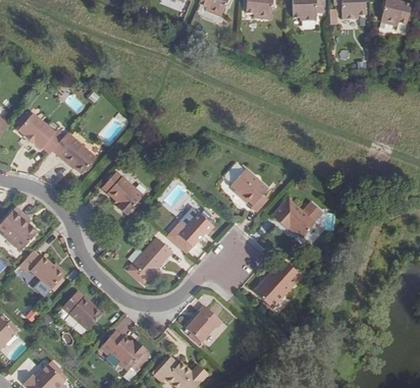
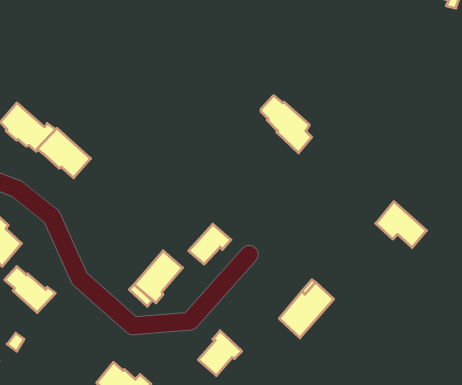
building: [226,165,269,213] -> [261,96,312,153]
building: [102,172,143,215] -> none
building: [272,200,315,238] -> [376,202,427,248]
building: [62,290,109,335] -> none

